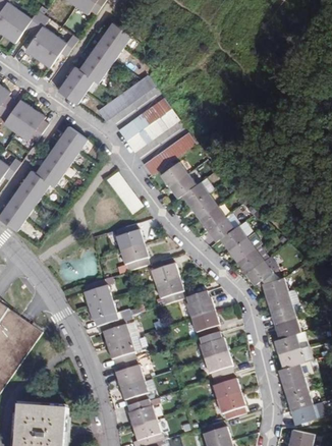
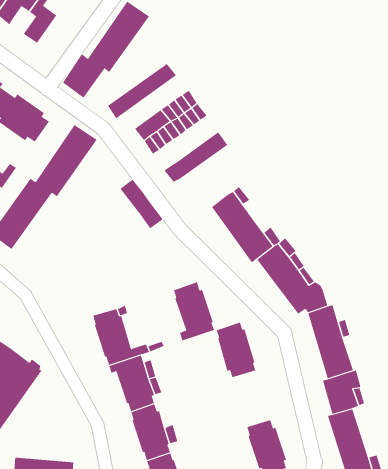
building: [38,36,77,67] -> none
building: [161,162,196,199] -> none
building: [115,224,149,272] -> none
building: [200,332,232,379] -> none

